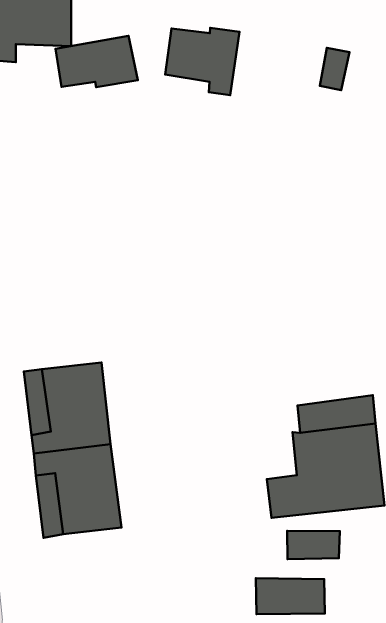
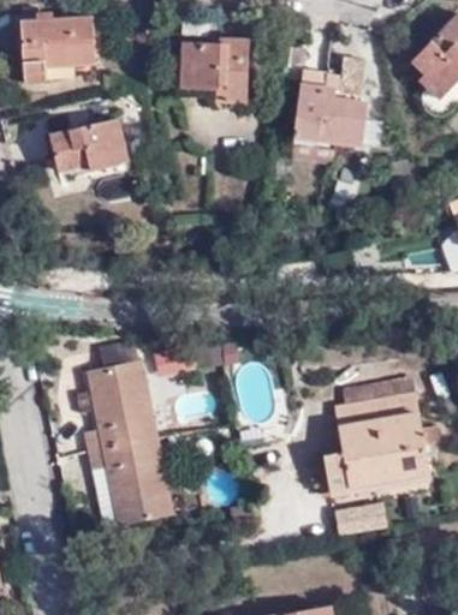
building: [56,36,138,87] -> [50,123,130,175]
building: none -> [289,78,357,138]
building: [256,578,325,614] -> none

